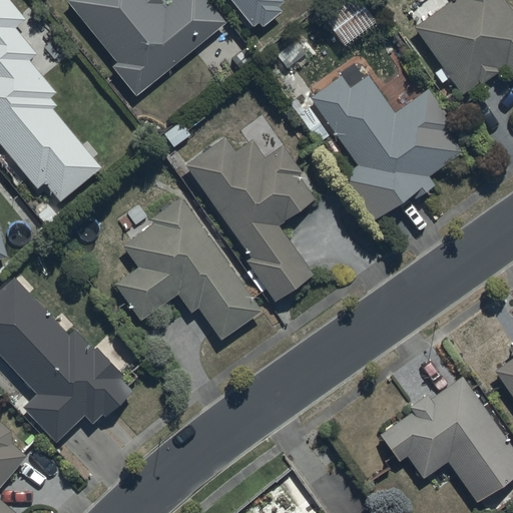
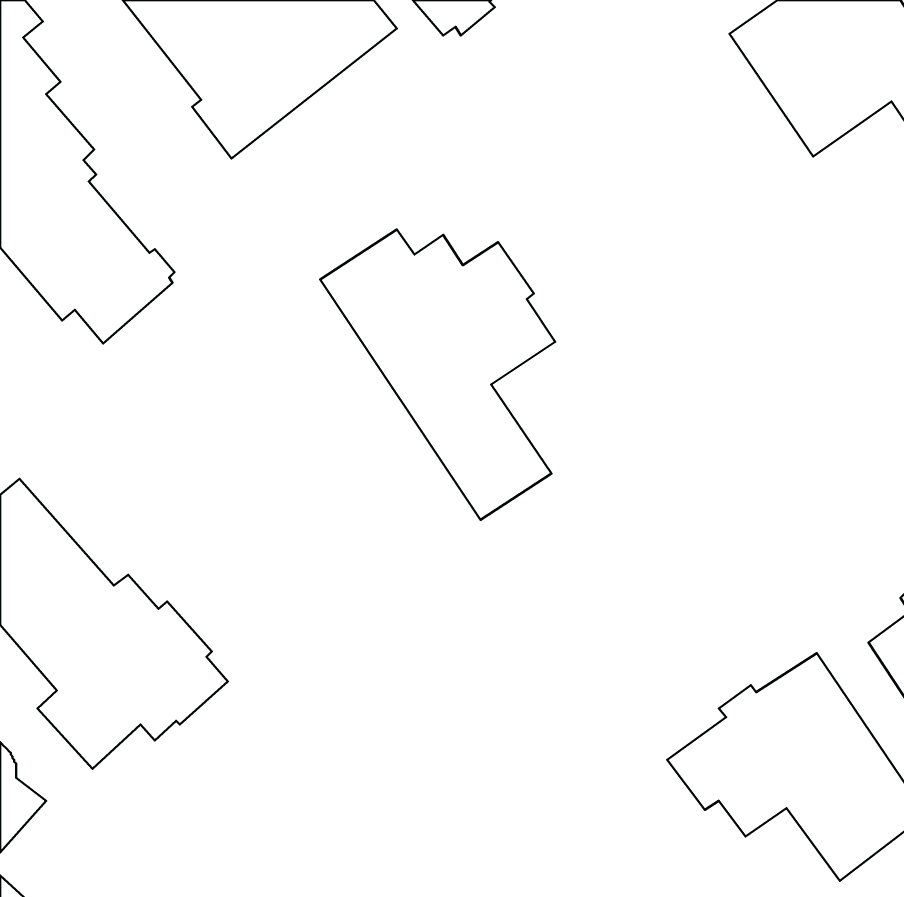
building: [308,74,464,219] -> none
building: [115,197,262,338] -> none

